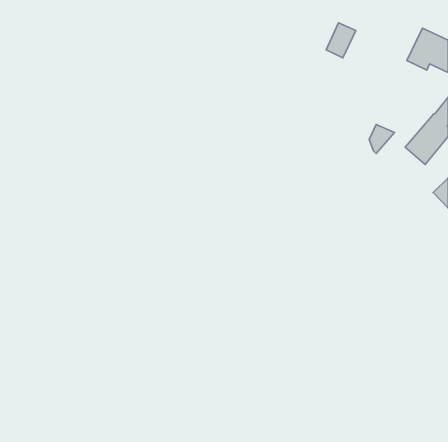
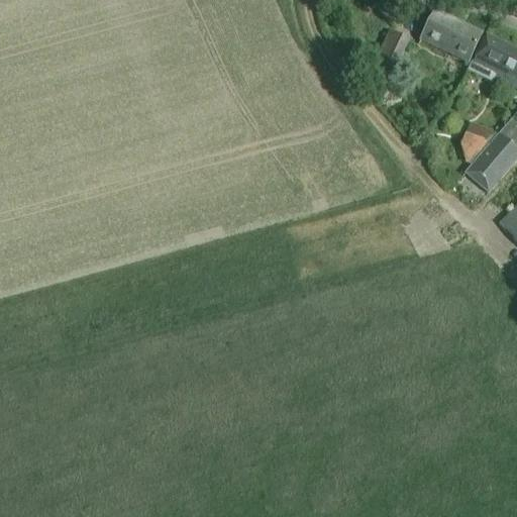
building: none -> [420,8,482,61]
building: [369,125,395,153] -> [466,124,495,158]

